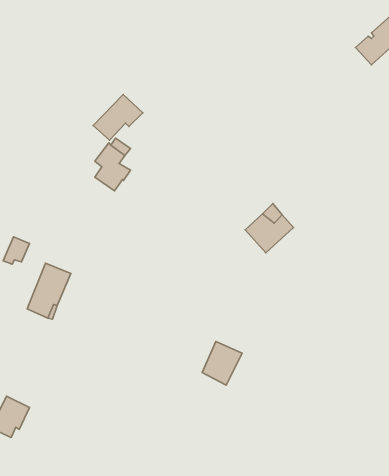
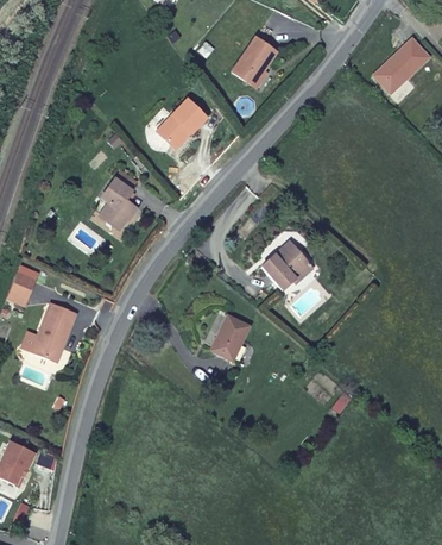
building: none -> [229,35,276,82]
building: [93,94,143,140] -> [156,99,207,146]
building: [202,342,242,385] -> [209,317,251,362]

